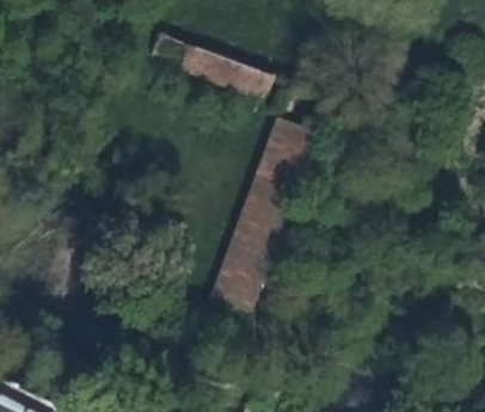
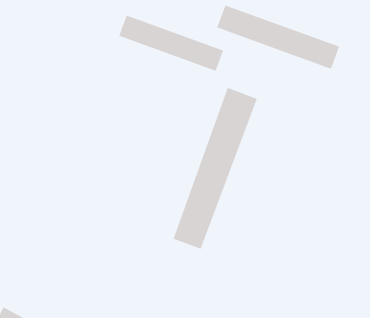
building: none -> [216,4,340,70]

